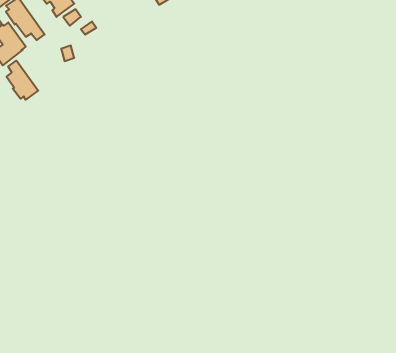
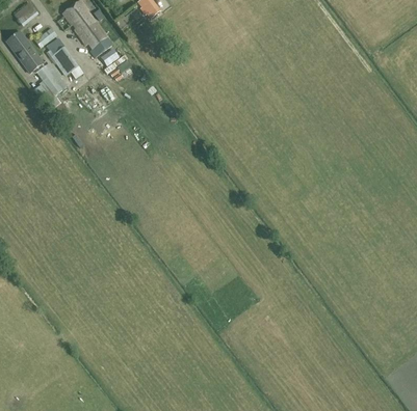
building: [7,61,38,100] -> none

